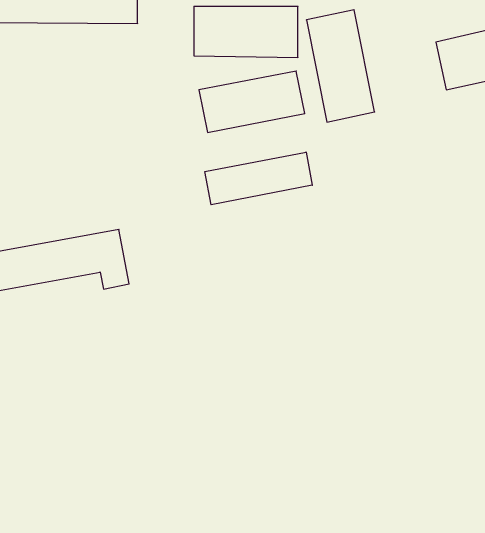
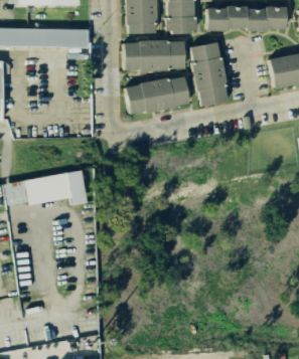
building: [205,152,312,205] -> none

